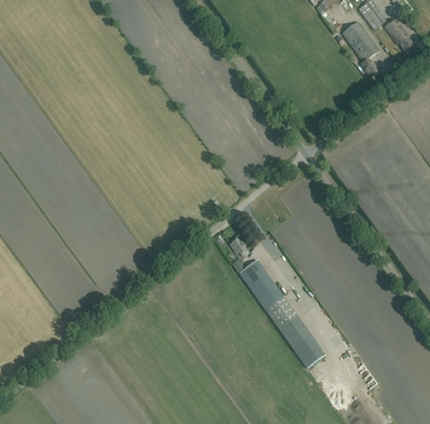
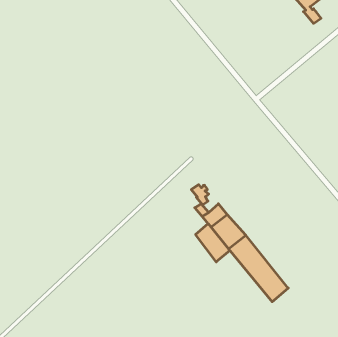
building: none -> [196,224,230,262]

